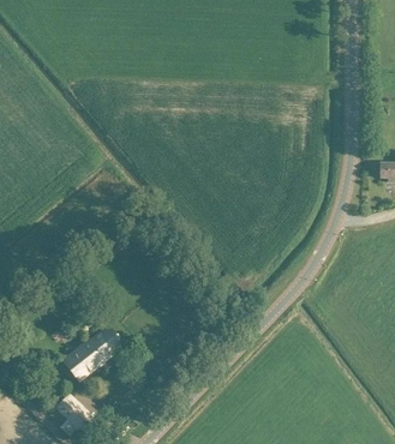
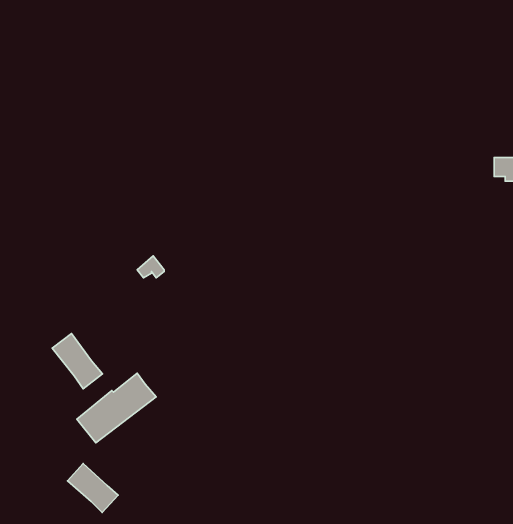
building: none -> [52,333,103,389]

